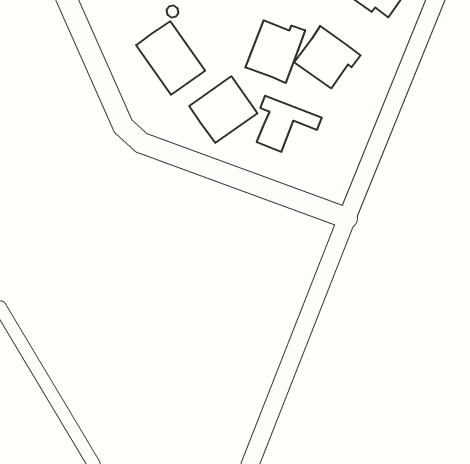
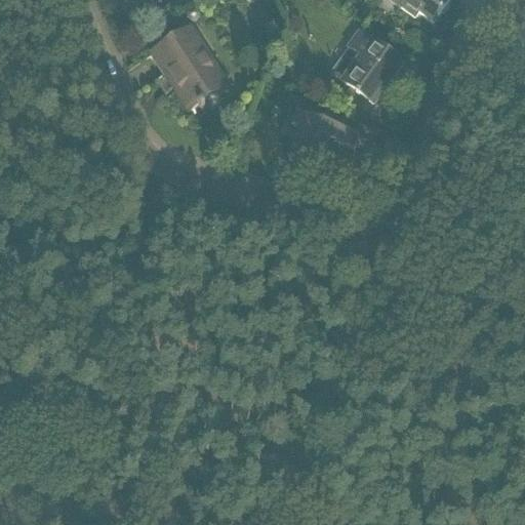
building: [245,20,305,83] -> none
building: [189,76,257,143] -> none

